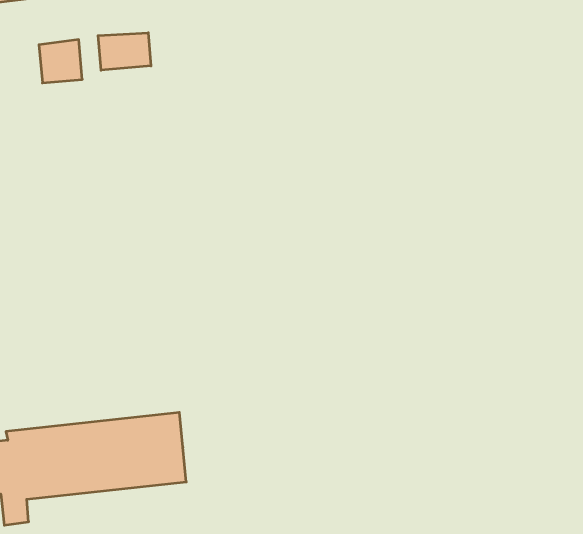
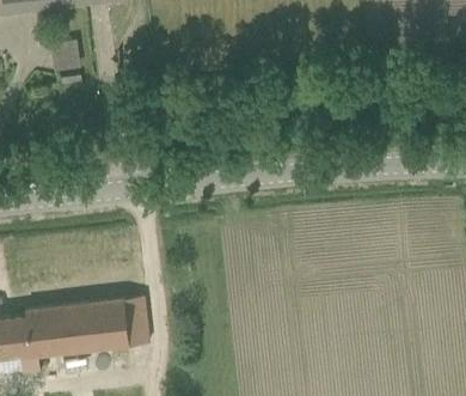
building: [98,33,151,70] -> none

